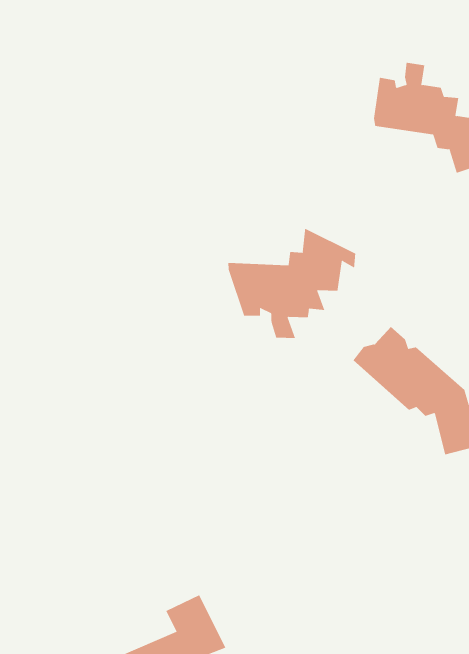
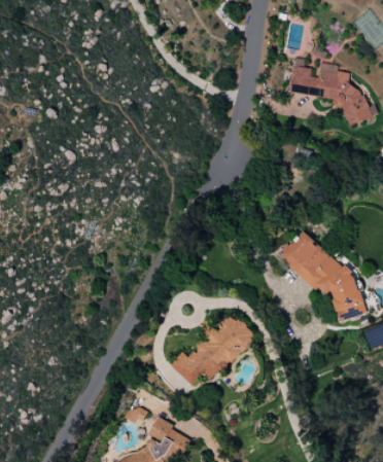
building: [228,228,356,339] -> none
building: none -> [169,312,255,386]

